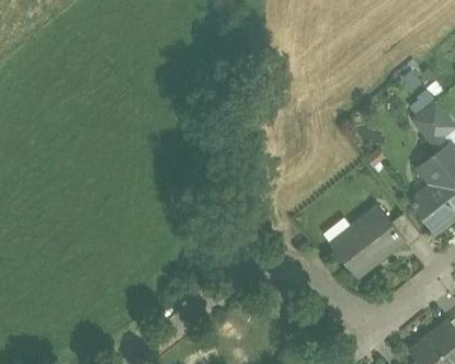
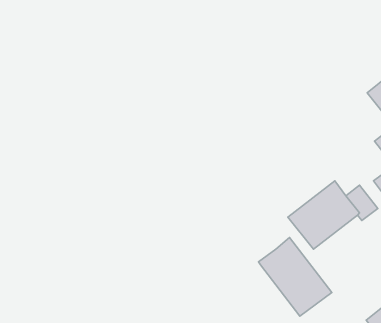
building: none -> [259,238,332,316]

